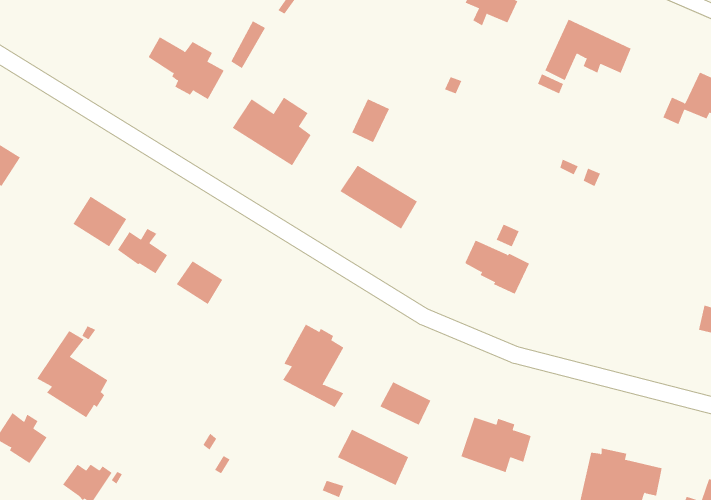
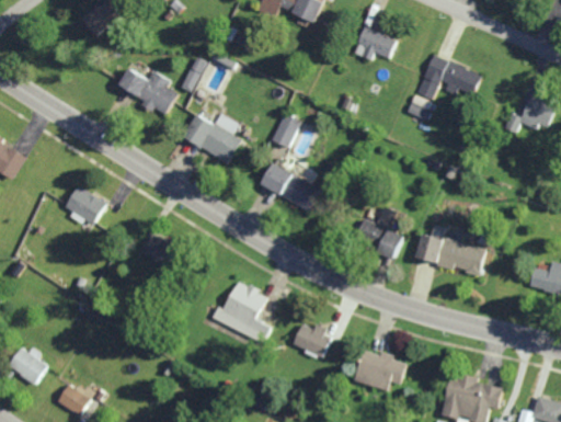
building: [117,228,168,274] -> none
building: none -> [416,235,485,276]
building: [37,330,108,418] -> none
building: [337,429,409,486] -> none

